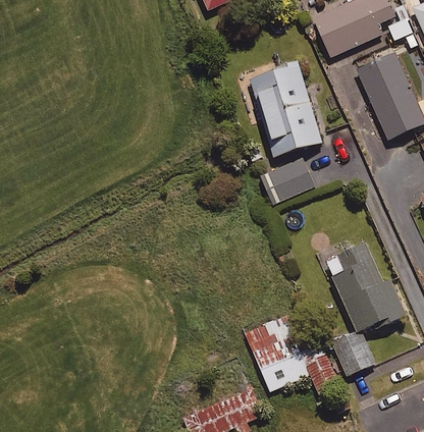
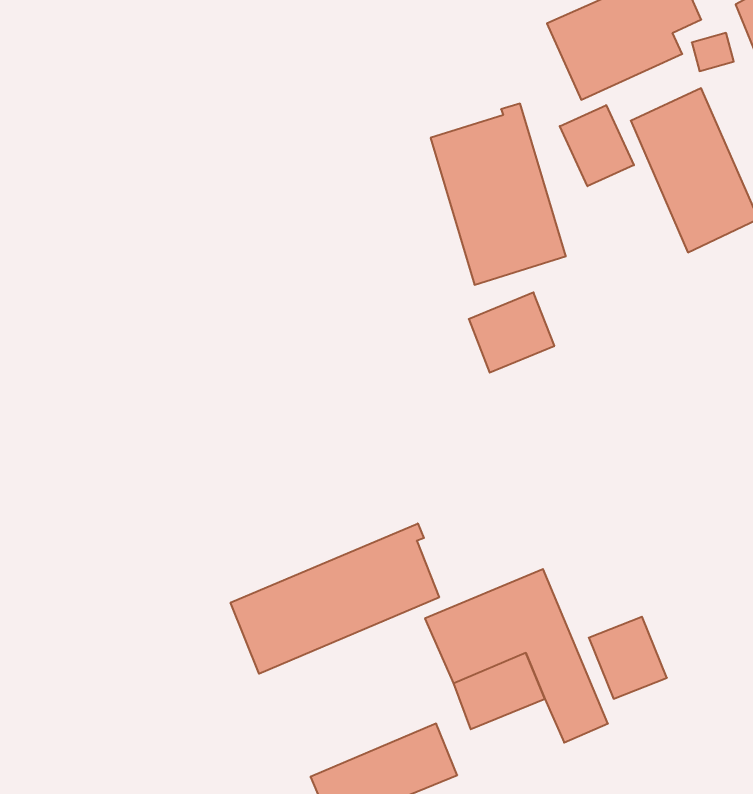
building: none -> [560,105,634,186]
building: [330,240,407,330] -> none
building: none -> [231,523,439,674]

